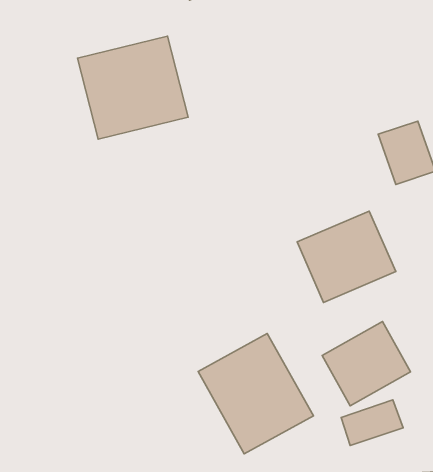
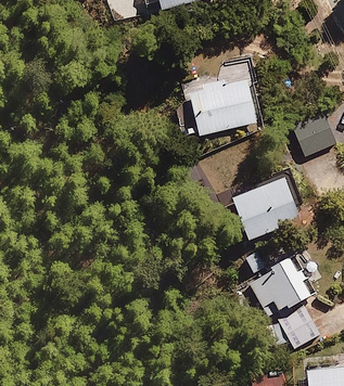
building: [77,36,188,139] -> [182,60,264,136]
building: [198,334,313,454] -> none

